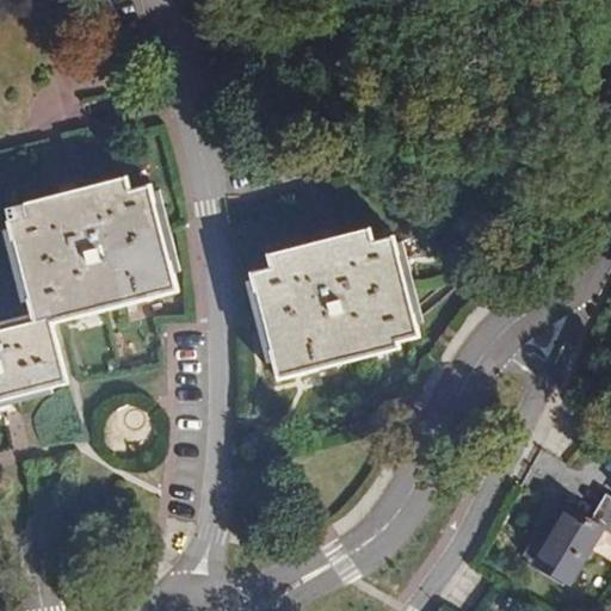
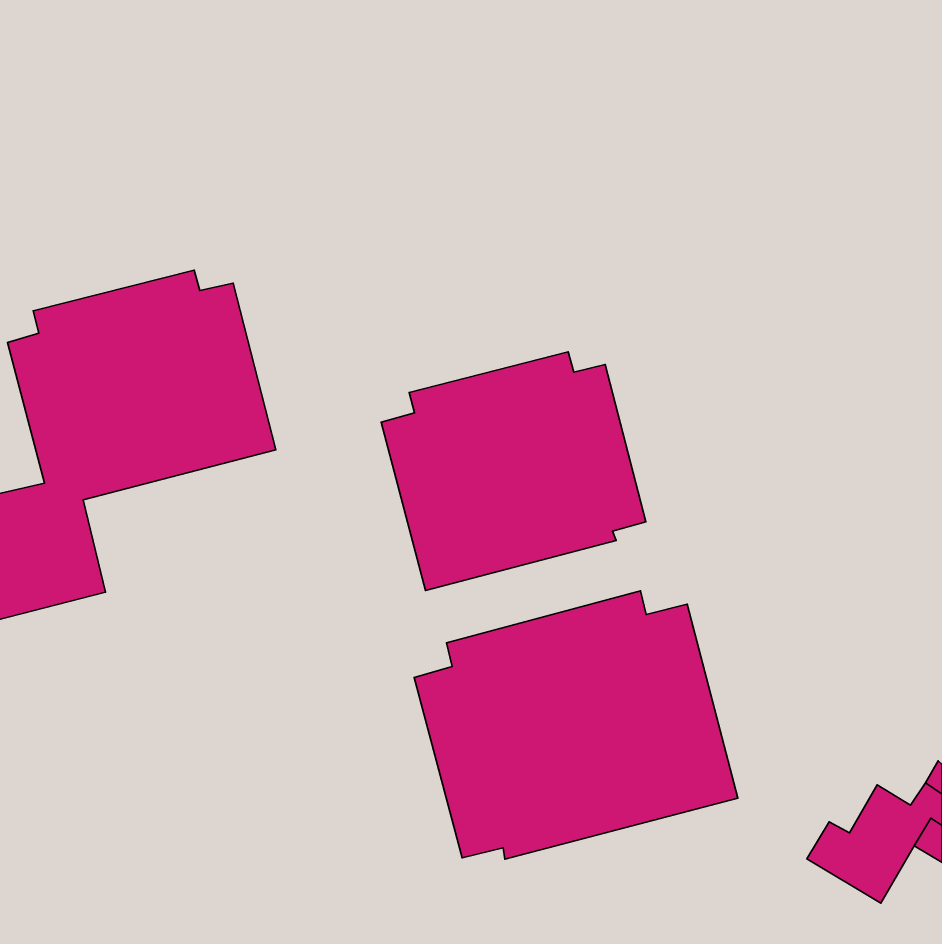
building: none -> [414,591,738,859]

